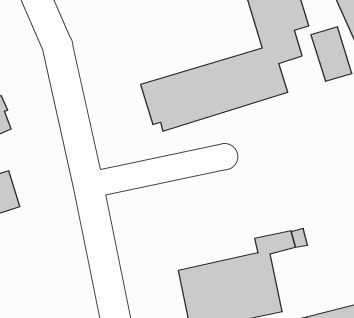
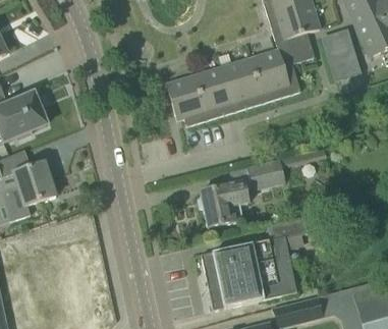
building: none -> [247,149,326,190]
building: none -> [201,181,248,227]

